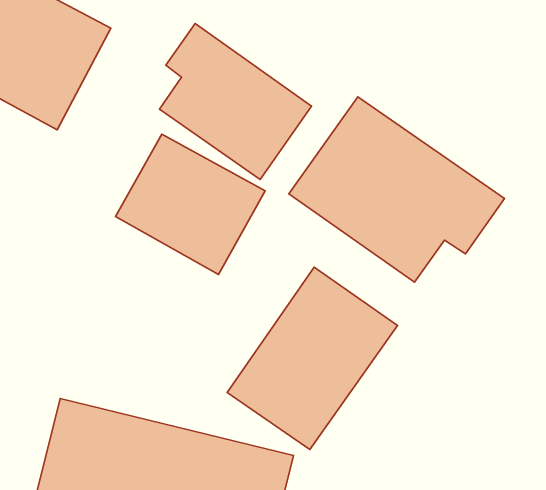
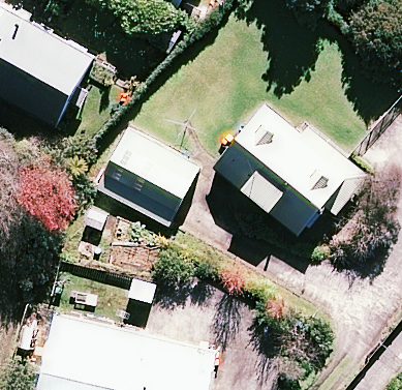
building: [160,23,312,180] -> none
building: [227,267,397,449] -> none

